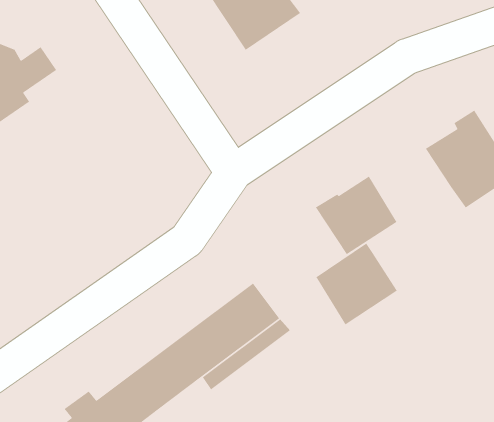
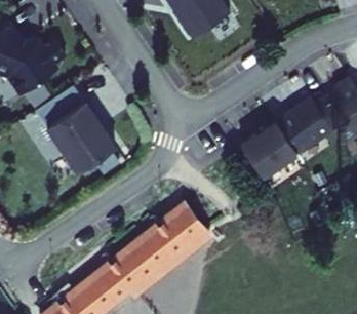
building: none -> [38,110,107,180]
building: [315,243,398,325] -> [269,109,325,165]

